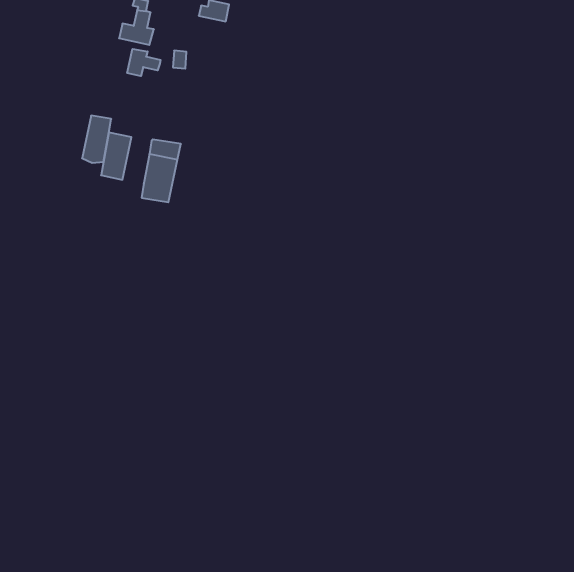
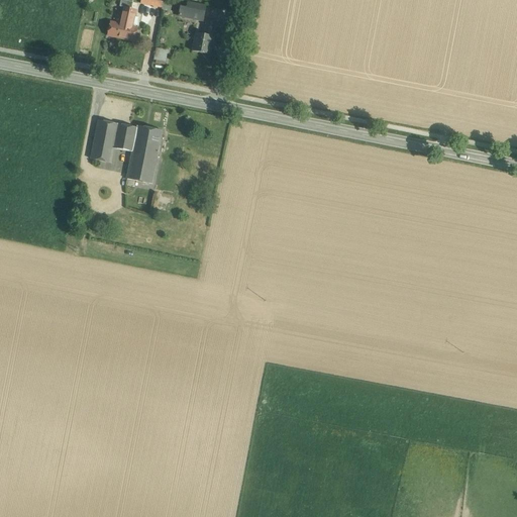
building: none -> [193,19,216,53]
building: [127,49,161,76] -> none
building: [82,116,111,163] -> [110,123,136,166]

